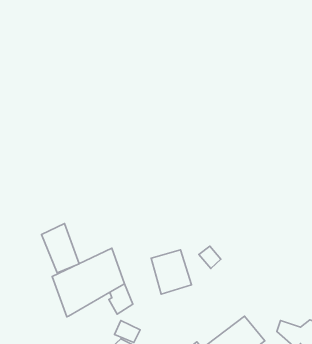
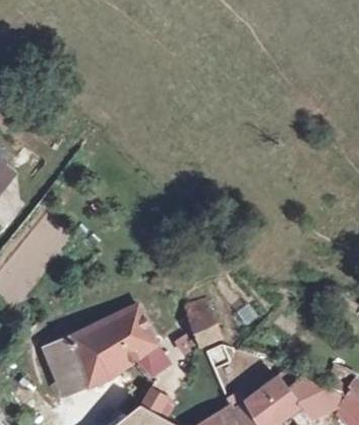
building: [41,223,79,273] -> [42,337,83,391]

